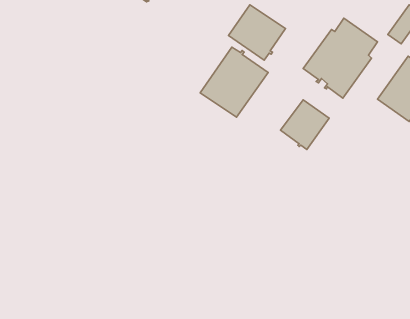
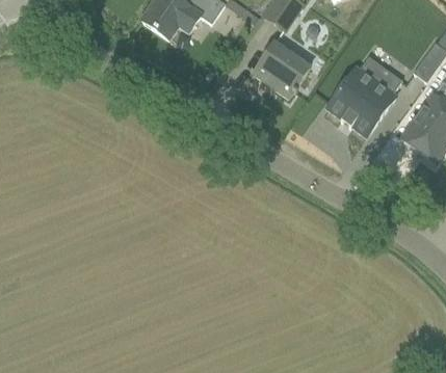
building: [200,47,268,117] -> none
building: [281,100,329,149] -> none

